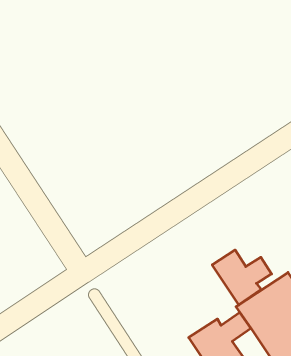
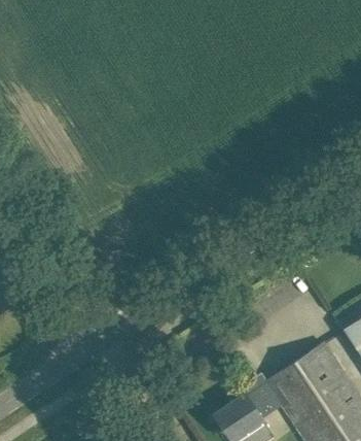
building: [212,250,272,305] -> none

